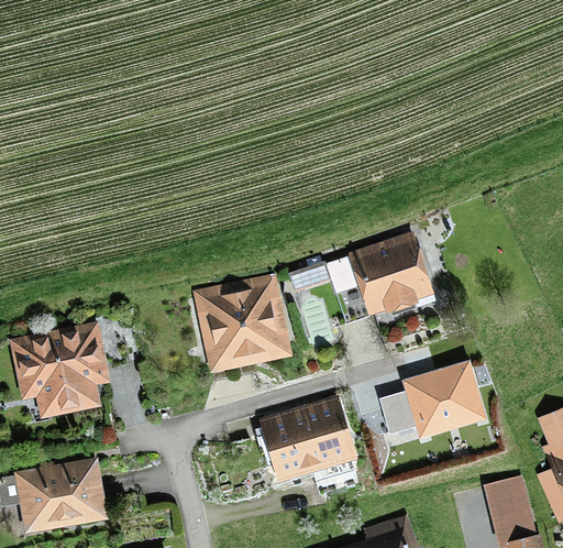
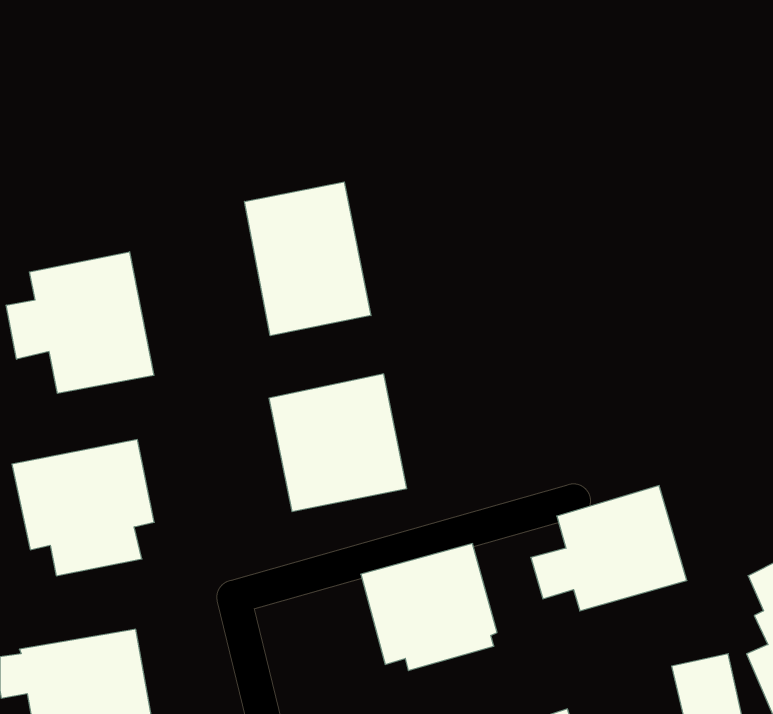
building: none -> [245,182,371,336]
building: none -> [6,252,154,393]
building: [289,230,437,321] -> none

